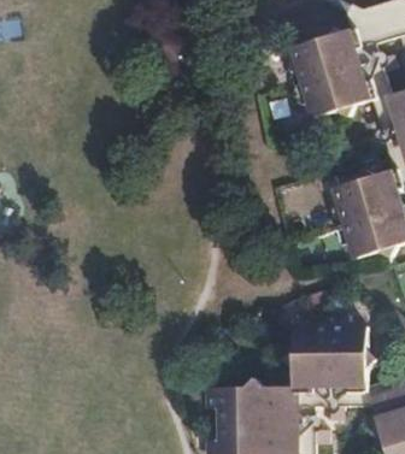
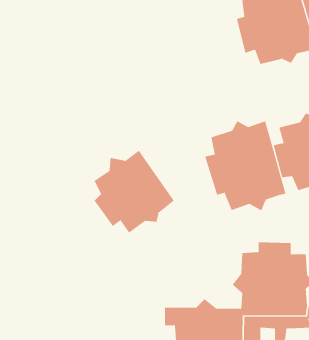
building: none -> [204,120,286,211]
building: none -> [94,150,175,234]

